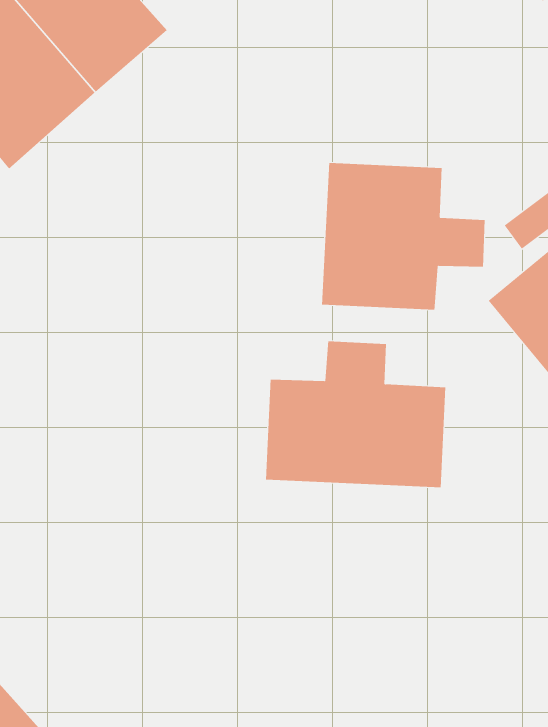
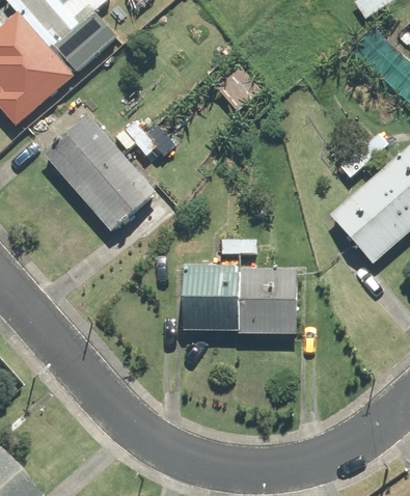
building: none -> [38,111,180,237]
building: [322,162,485,310] -> none

